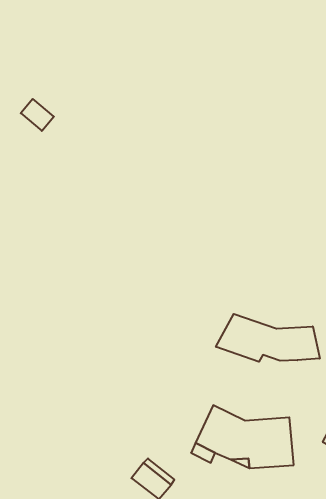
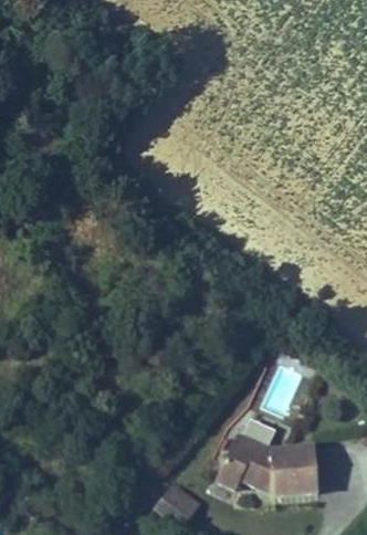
building: [216,314,320,362] -> none

